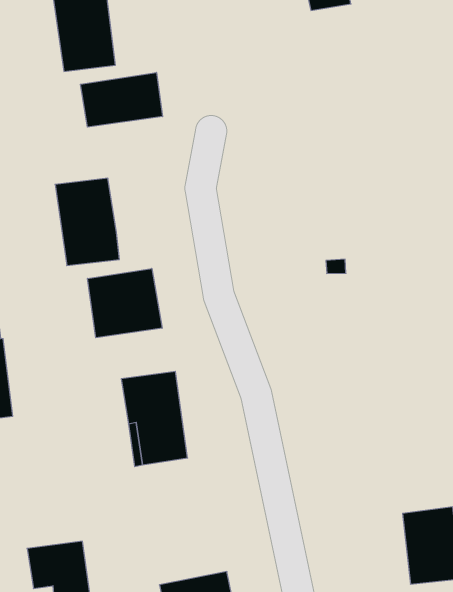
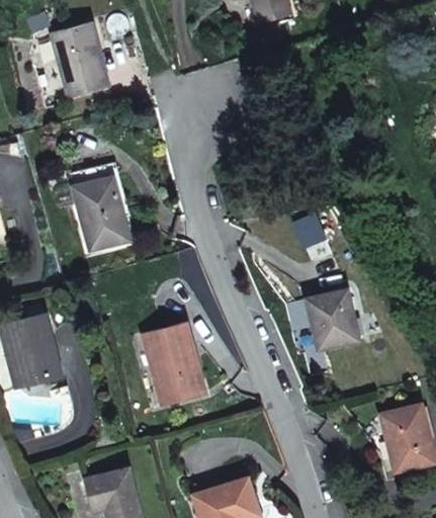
building: [80,72,163,127] -> none
building: [88,268,162,338] -> none
building: none -> [306,289,359,349]

